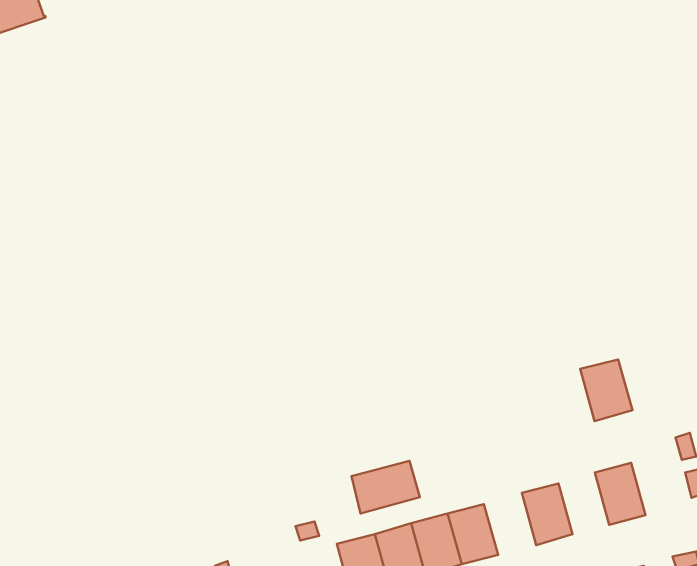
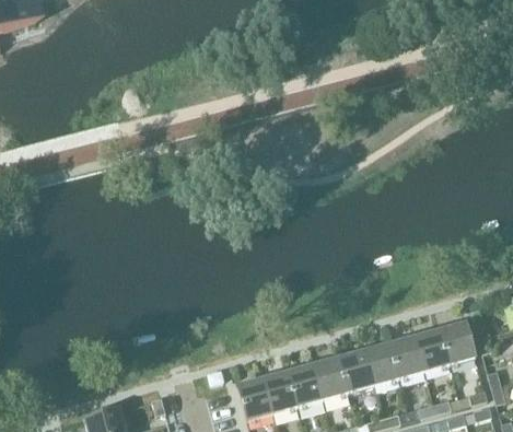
building: [580,359,633,421] -> [440,322,476,364]
building: [352,461,420,513] -> none
building: none -> [389,335,424,377]
building: none -> [338,349,374,392]

